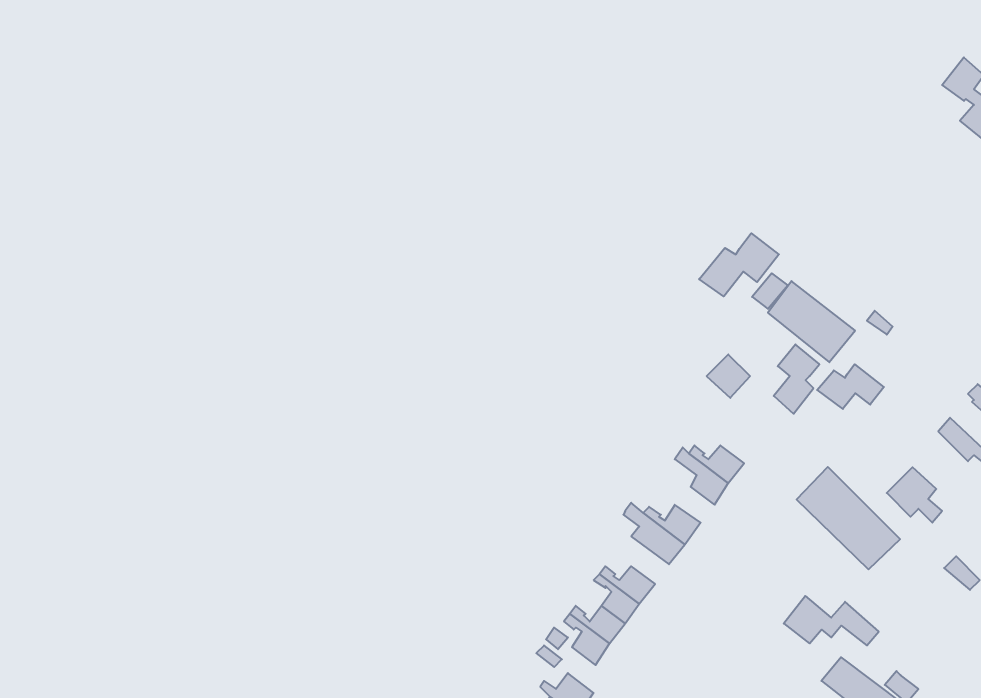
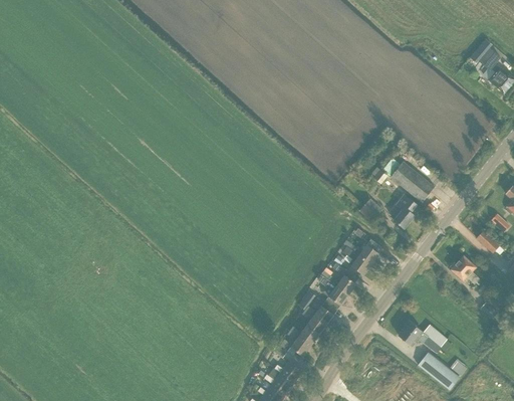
building: [699,233,779,296] -> none
building: [817,364,884,409] -> none
building: [797,467,900,569] -> none

